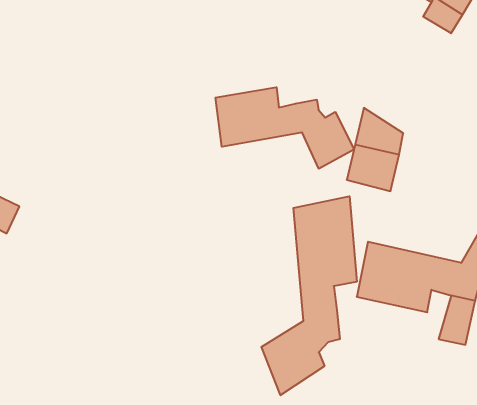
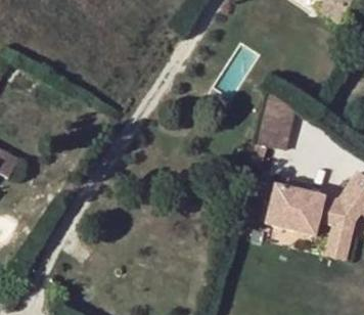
building: [216,87,354,169] -> none
building: [261,196,357,395] -> none

